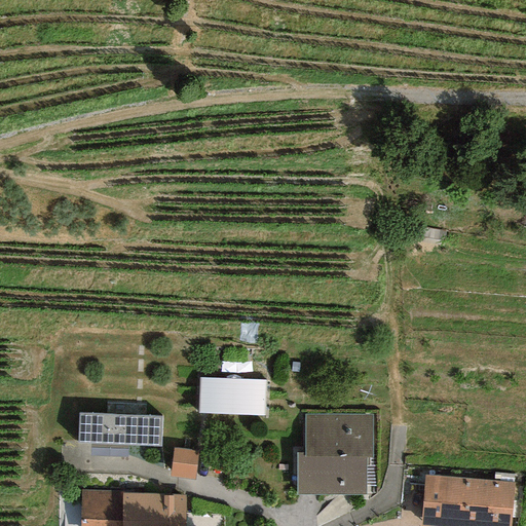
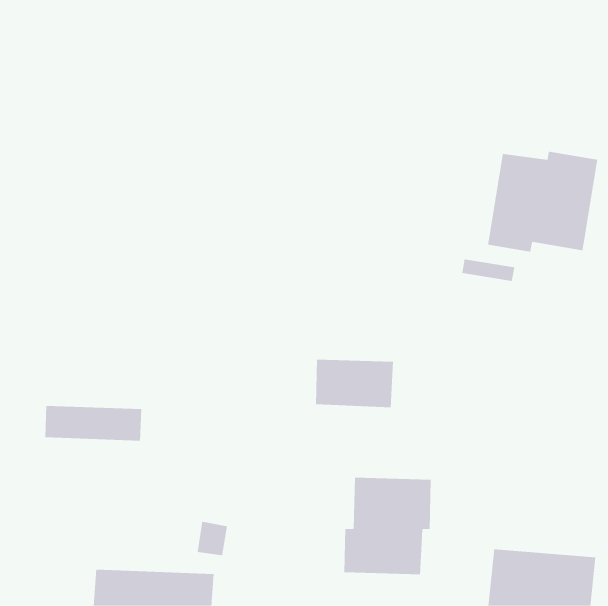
building: none -> [487,151,598,252]
building: [199,376,267,418] -> [315,359,394,408]
building: [77,415,161,446] -> [44,405,142,441]

